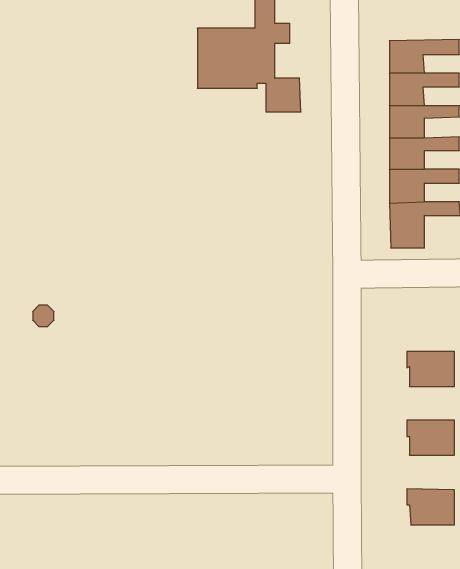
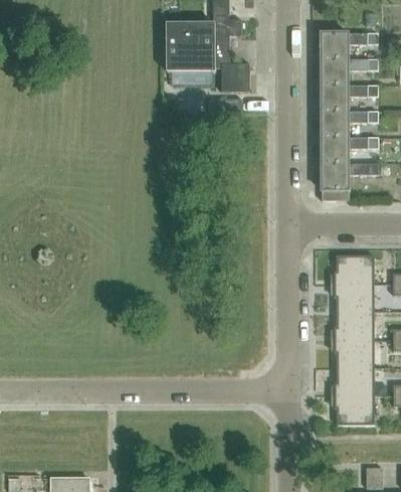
building: none -> [335,256,374,284]
building: none -> [336,312,374,339]
building: none -> [336,367,374,395]

